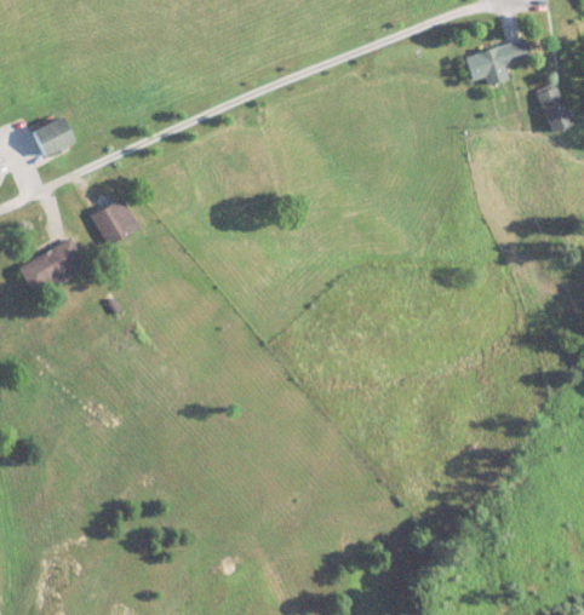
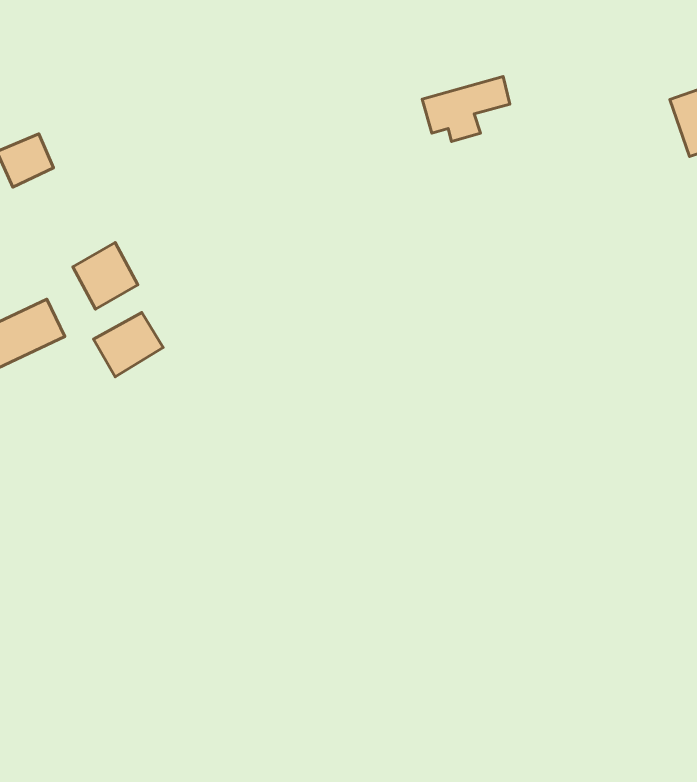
building: [465,39,531,87] -> [422,76,510,141]
building: none -> [94,313,163,377]

